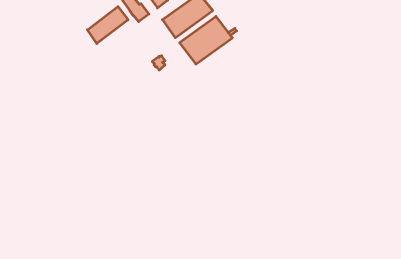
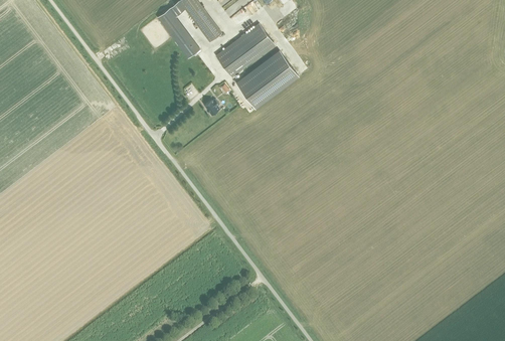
building: [87,7,128,44] -> none

